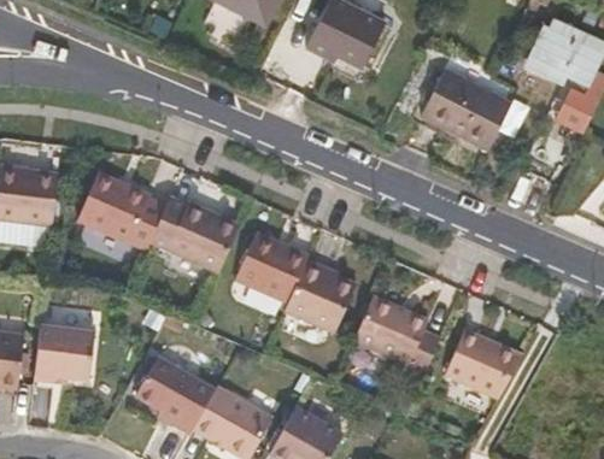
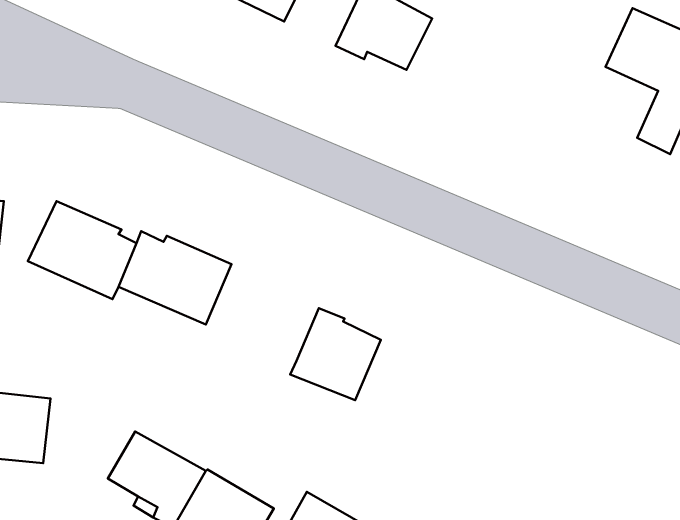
building: [423,67,514,146] -> none
building: [233,231,304,300] -> none
building: [350,293,438,366] -> none
building: [444,324,514,392] -> none

